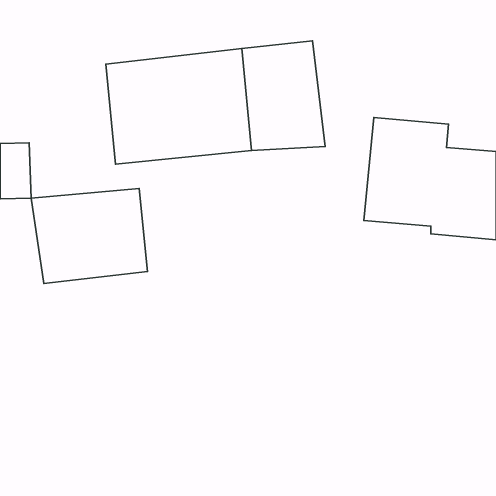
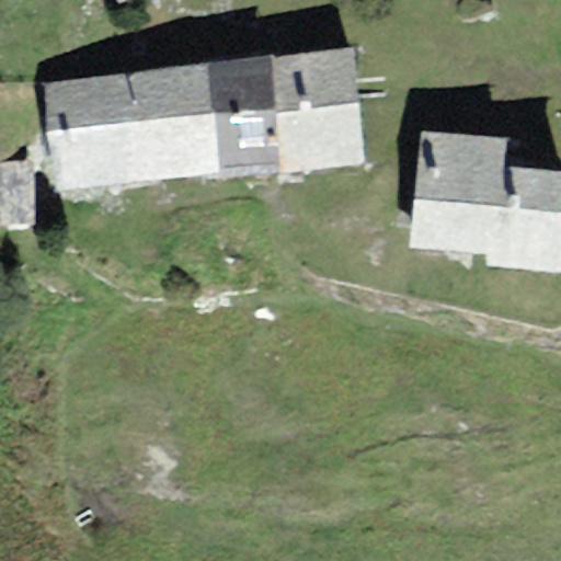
building: none -> [42,72,130,193]
building: [31,189,147,284] -> none

